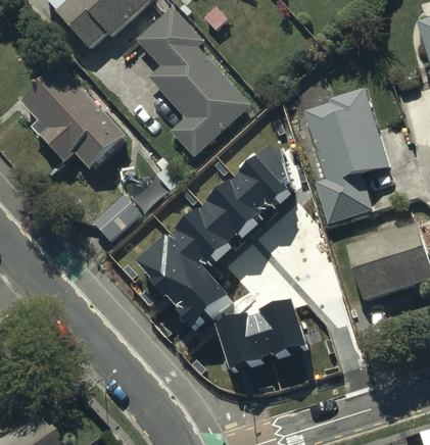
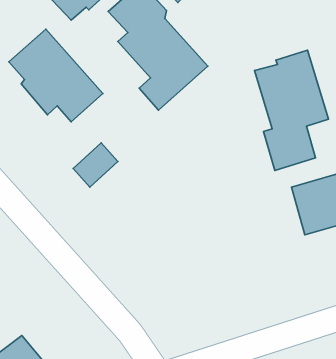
building: [133,140,287,333] -> none
building: [214,300,306,374] -> none

